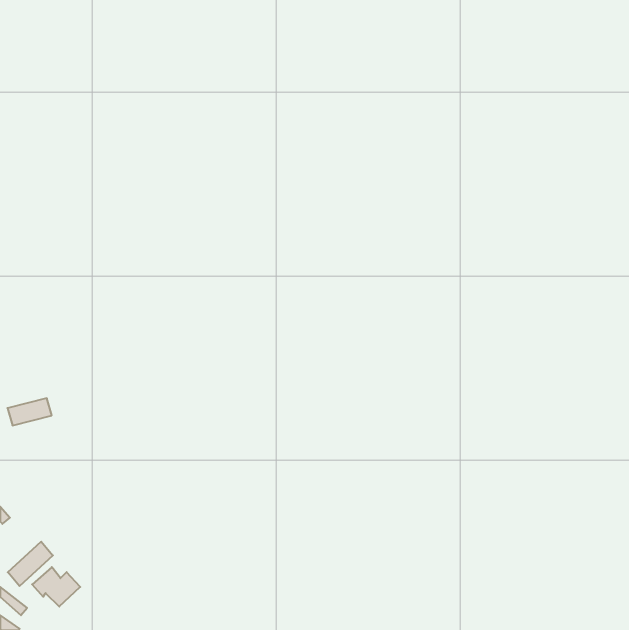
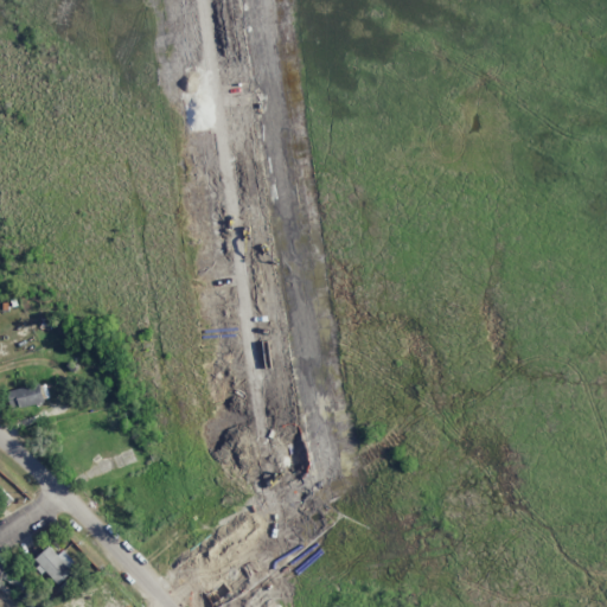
building: [8,542,53,586] -> none

